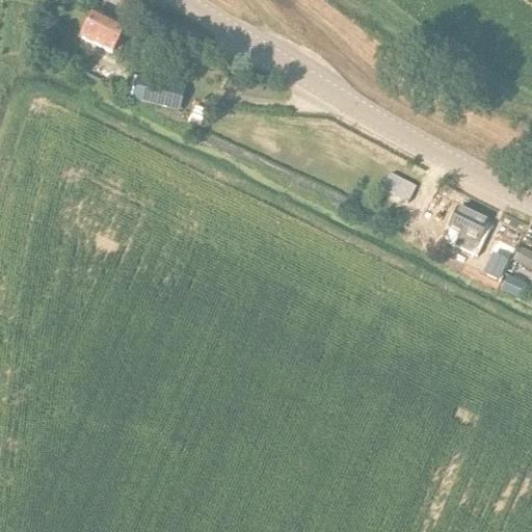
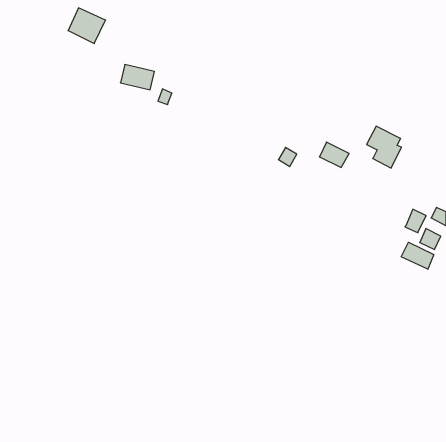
building: [447,205,488,255] -> [367,126,401,168]
building: none -> [401,242,434,269]

